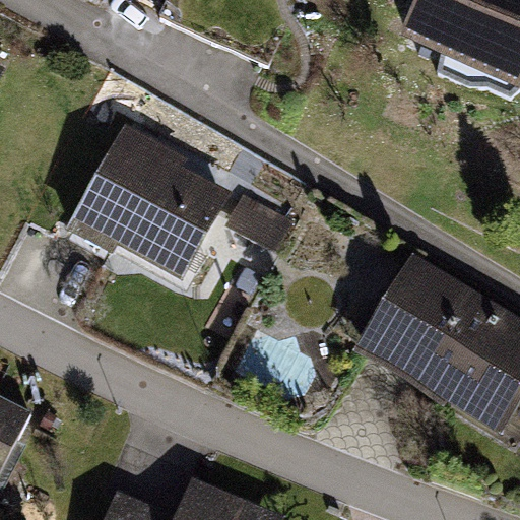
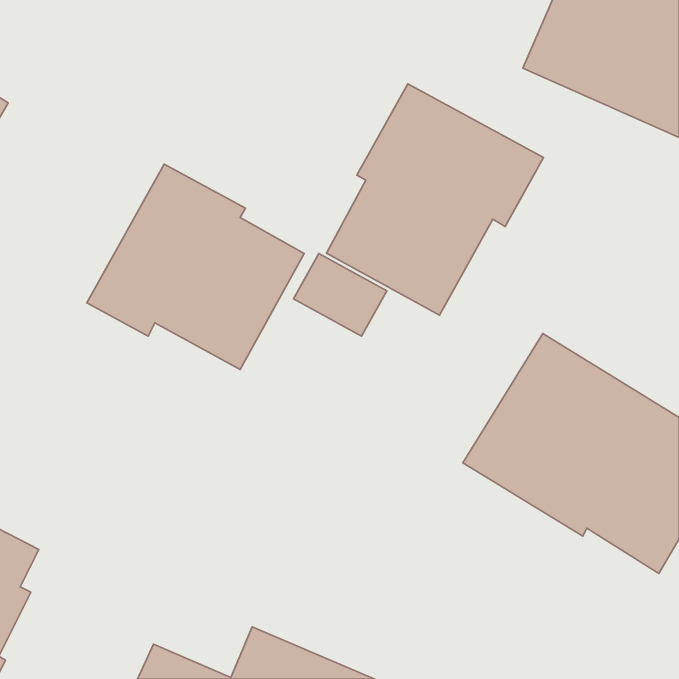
building: none -> [327,84,544,315]

